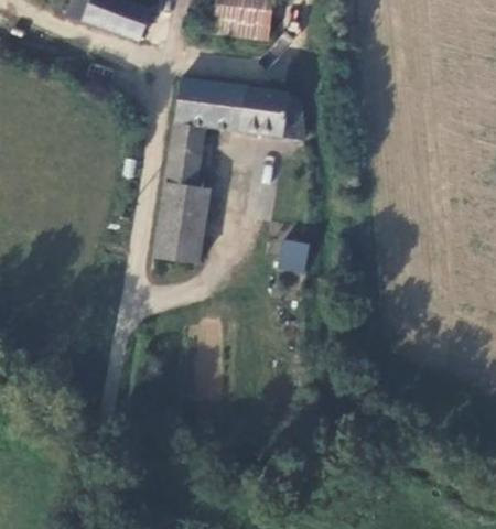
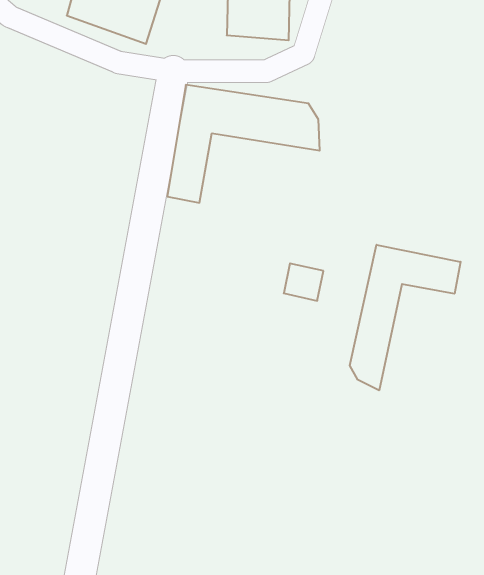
building: [152,179,211,264] -> none
building: none -> [350,245,461,390]

